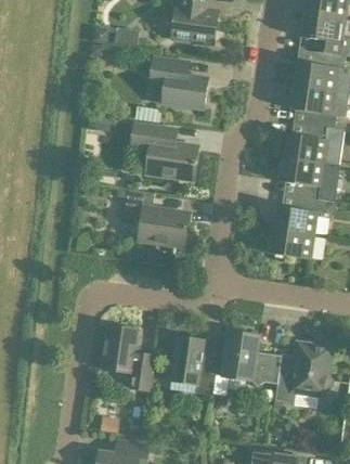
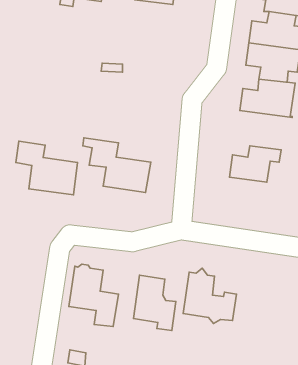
building: [150,57,208,109] -> none
building: [132,124,198,181] -> [16,141,77,195]
building: [281,158,341,202] -> none
building: [271,230,314,259] -> none
building: [275,340,333,403] -> none

